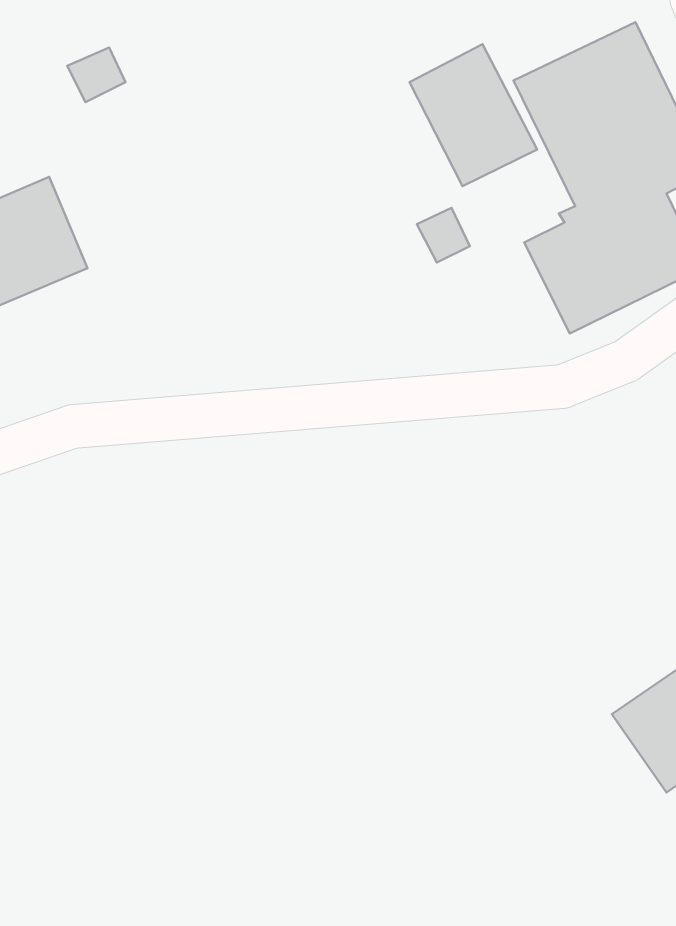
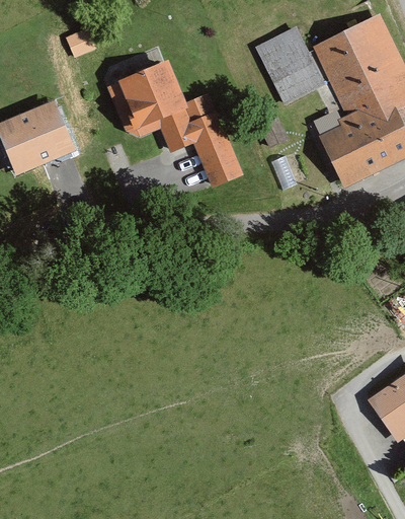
building: none -> [107,59,244,189]

